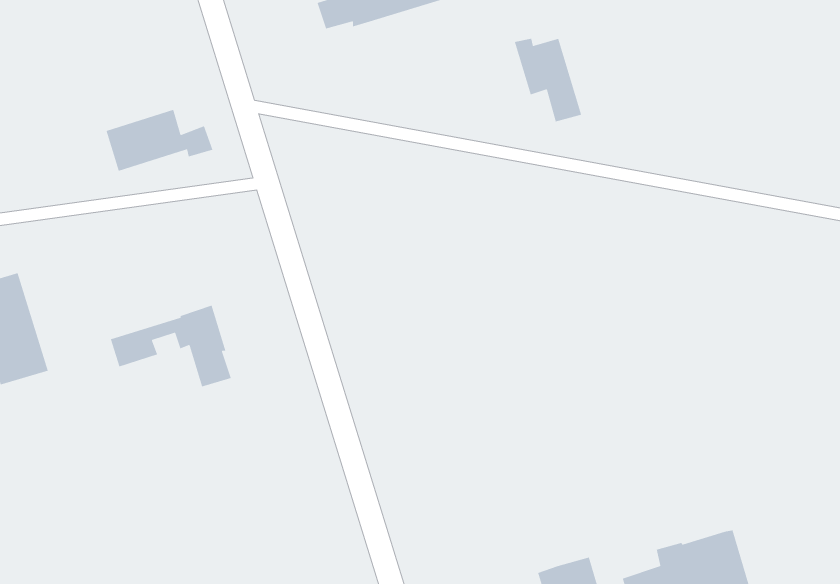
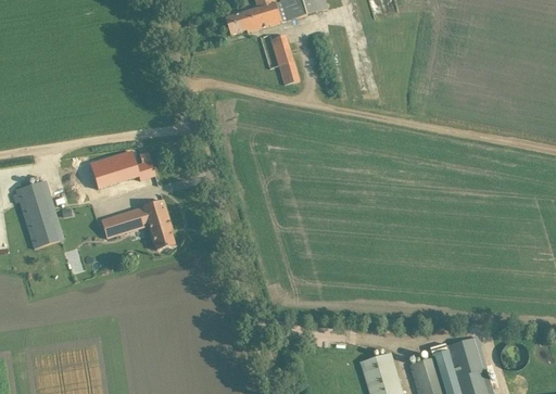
building: [514,38,582,122] -> [260,34,301,85]
building: [106,109,213,172] -> [90,151,155,189]

